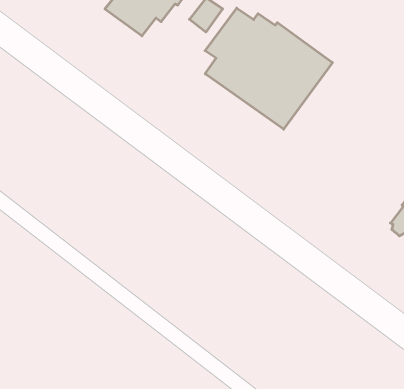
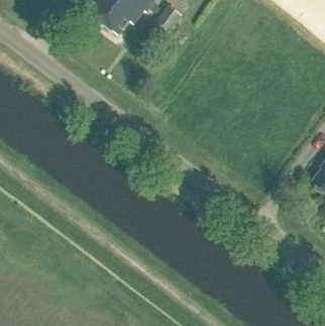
building: [205,8,332,129] -> none

